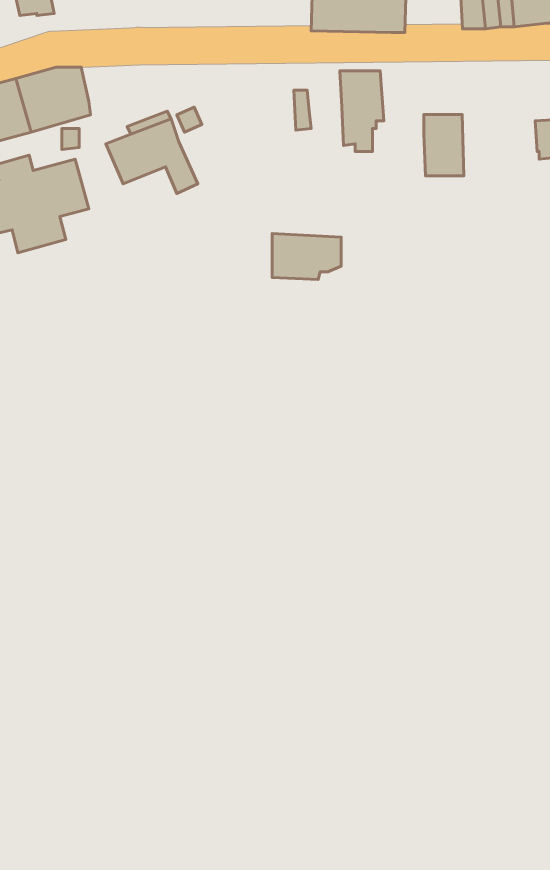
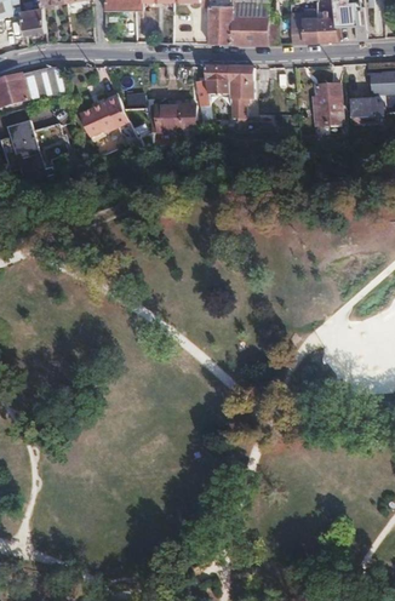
building: none -> [204,67,227,93]
building: [424,115,464,176] -> [314,85,339,124]
building: [272,233,341,279] -> [150,103,194,132]

